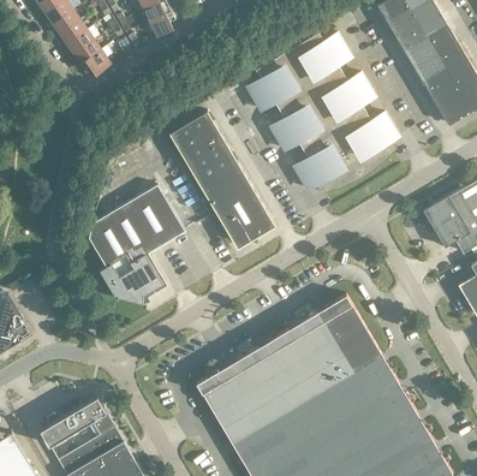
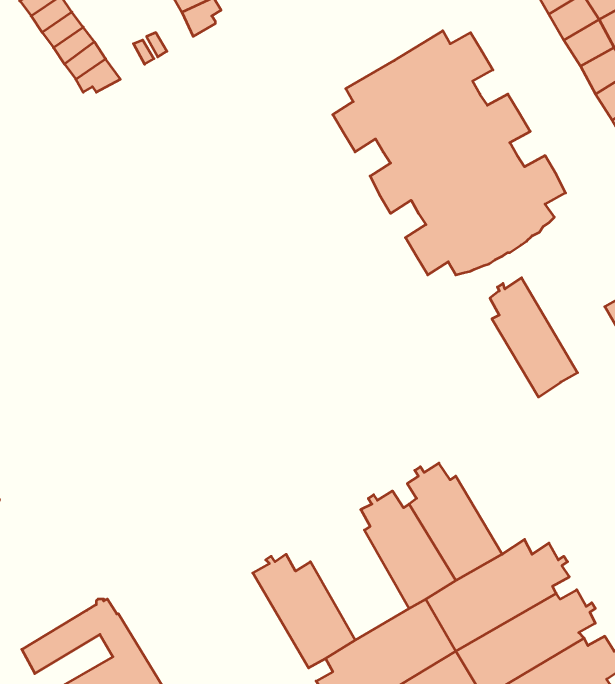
building: [169,112,272,244] -> none
building: [89,184,185,304] -> none
building: [326,293,382,370] -> [490,278,578,397]
building: [233,347,297,426] -> none

